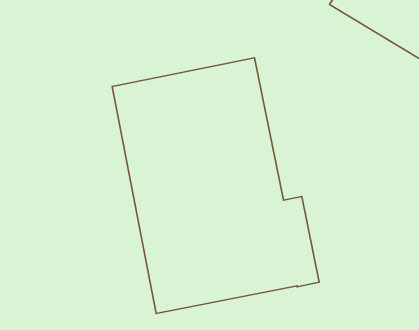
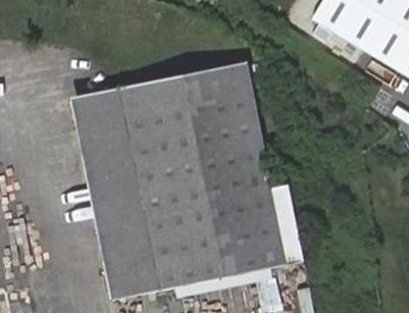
building: none -> [82,90,161,298]

